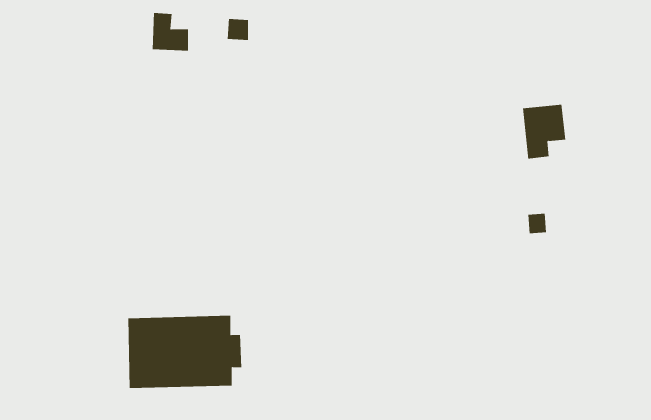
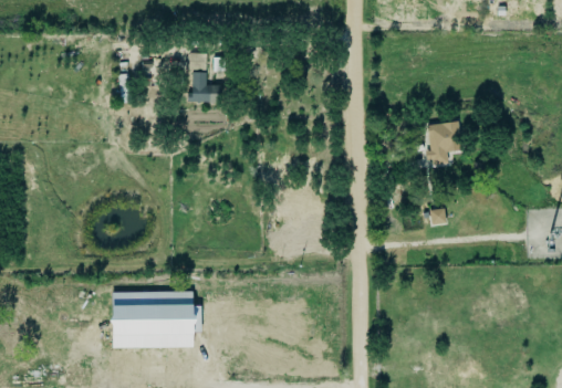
building: [152,12,189,51] -> [190,72,220,103]

